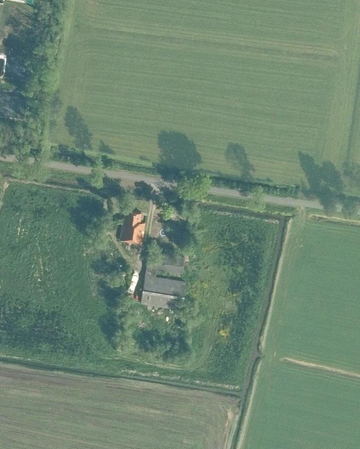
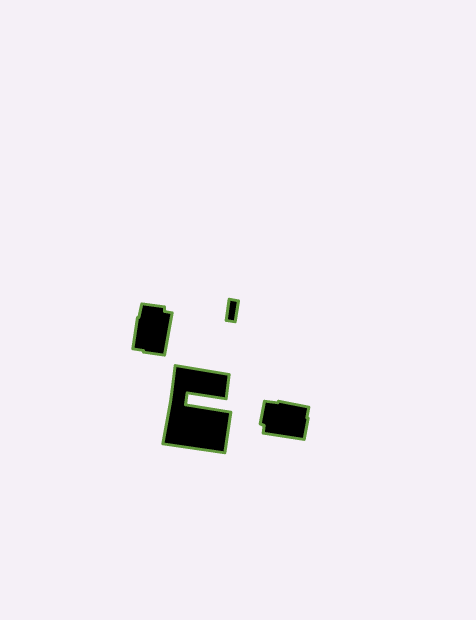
building: none -> [260,401,309,439]

